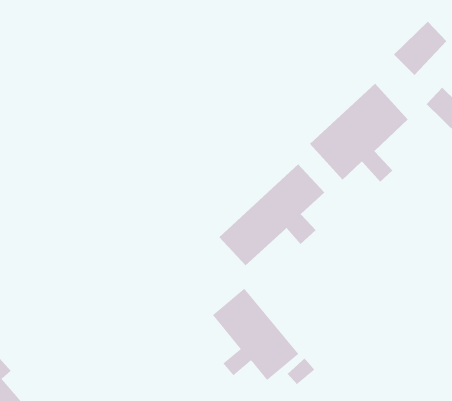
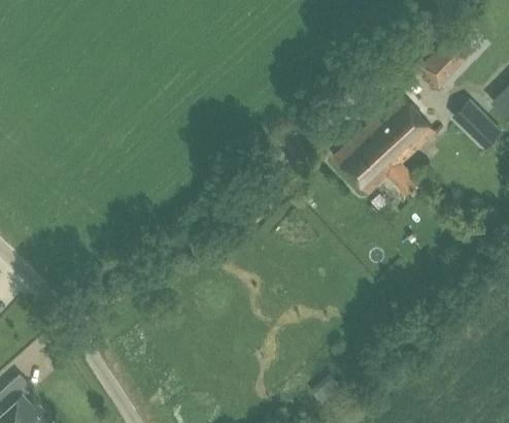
building: [218,164,325,266] -> none
building: [212,288,299,381] -> none

